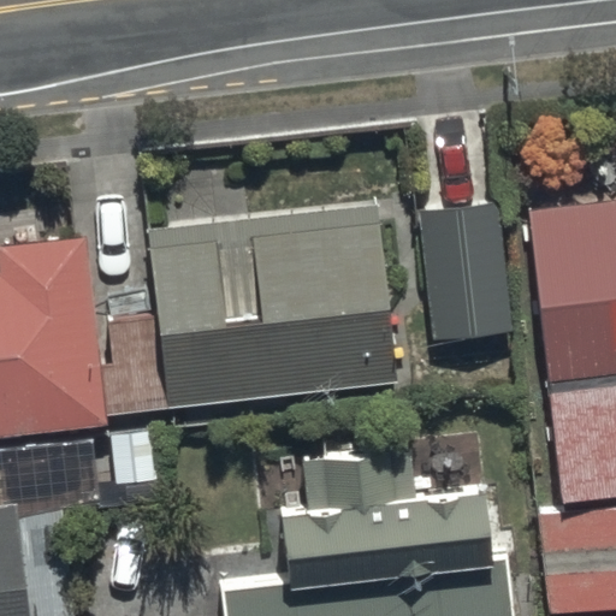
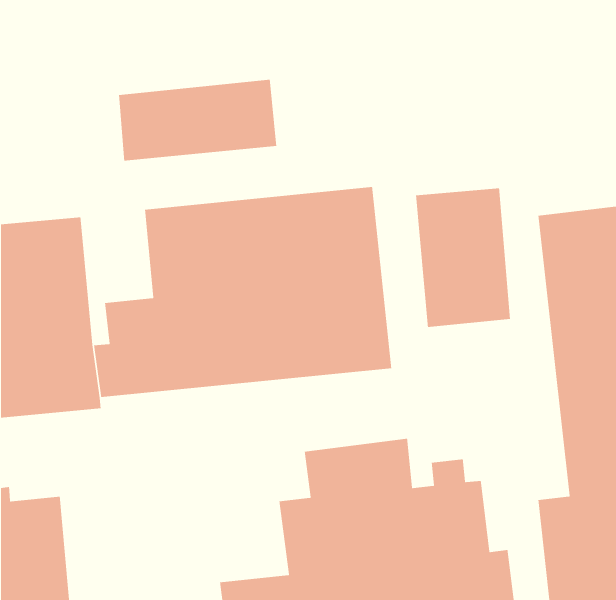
building: none -> [118,79,277,162]

